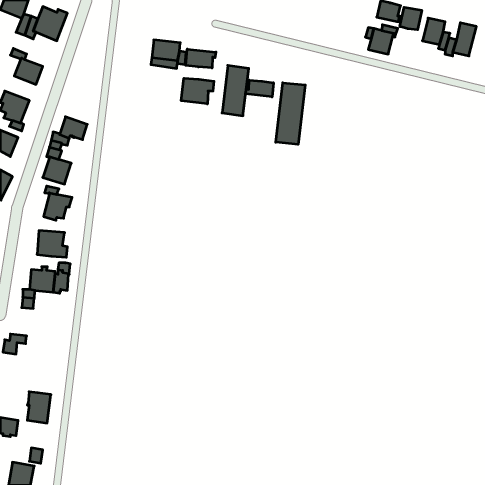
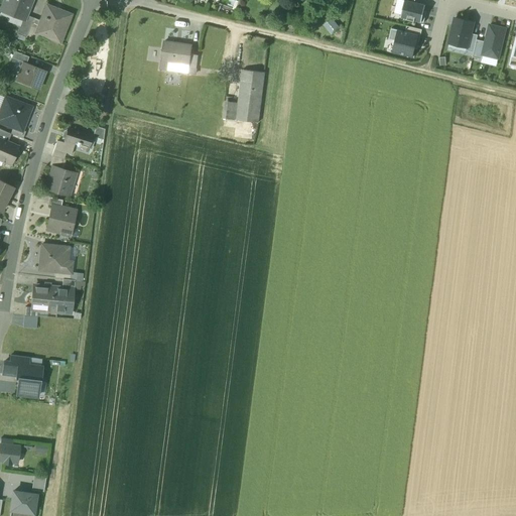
building: [400,7,422,30] -> none
building: [186,49,216,68] -> none
building: [181,78,214,104] -> none
building: [246,80,273,97] -> none
building: [276,83,305,144] -> none
building: [27,392,51,423] -> [16,364,41,397]

